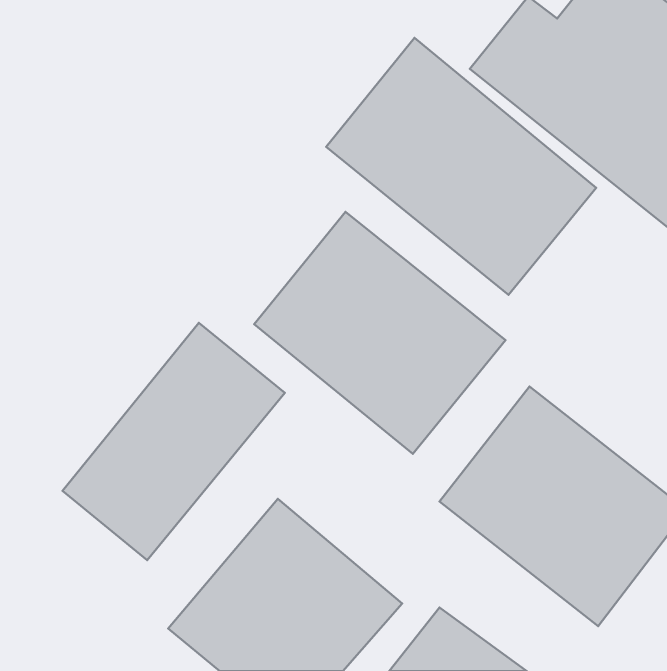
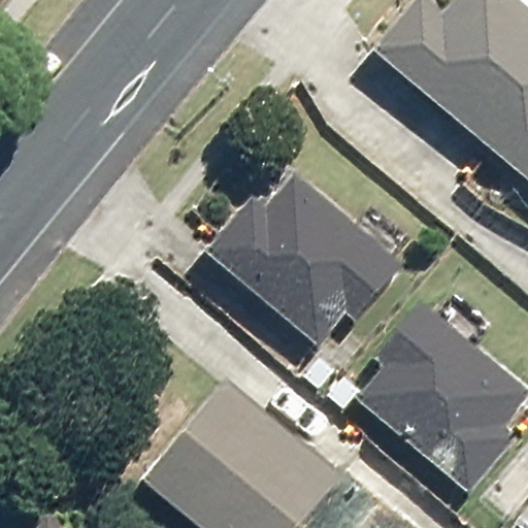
building: [326,38,596,295] -> none
building: [63,323,285,560] -> none

